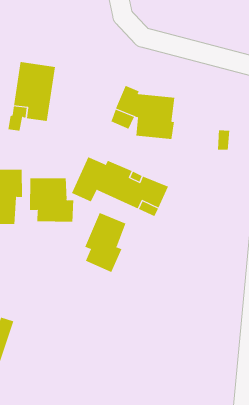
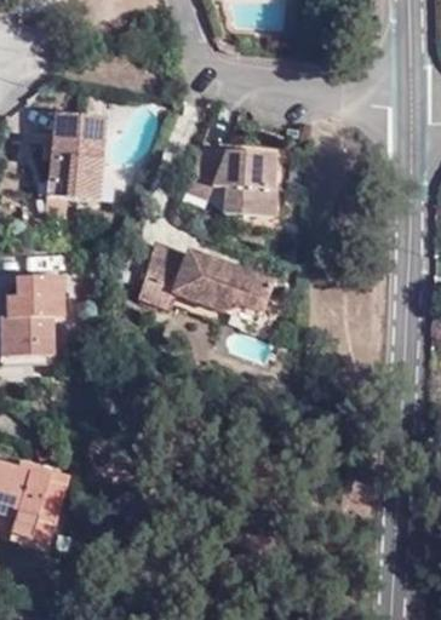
building: [30,177,74,223] -> none
building: [84,212,126,273] -> none

